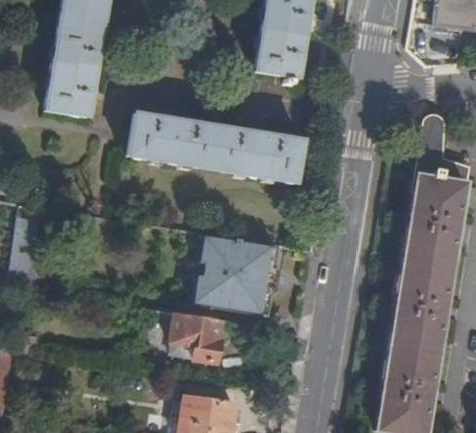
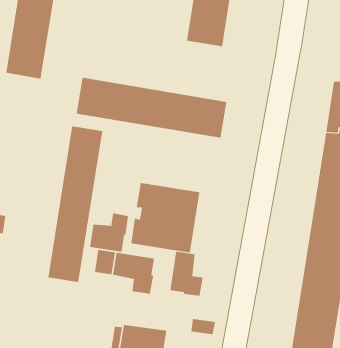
building: none -> [48,126,103,283]
building: none -> [90,213,129,252]
building: none -> [170,251,203,297]

